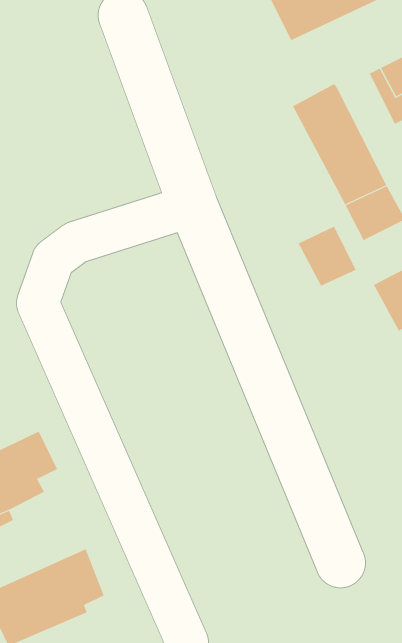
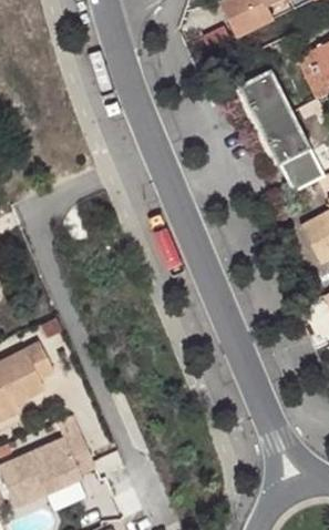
building: [298,226,356,287] -> none

